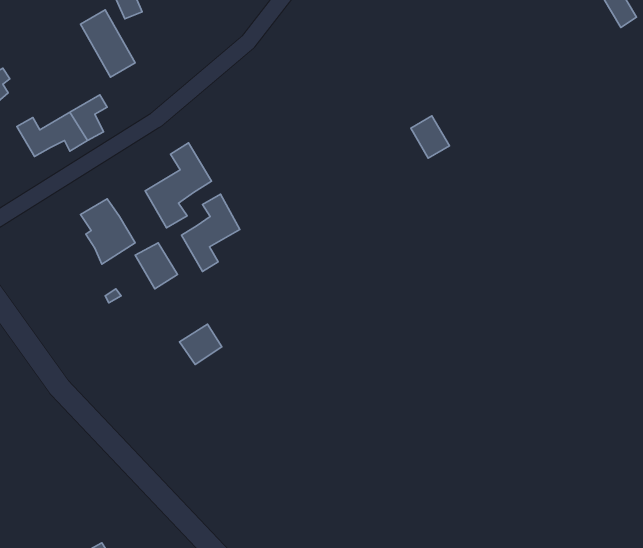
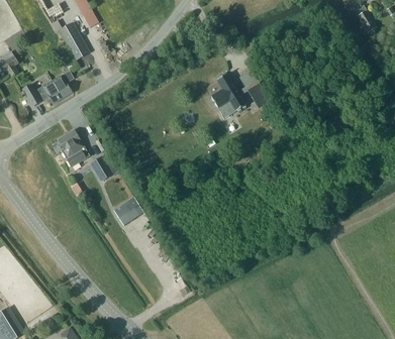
building: none -> [210,73,245,111]
building: [145,143,211,228] -> none
building: [182,194,240,271] -> none

